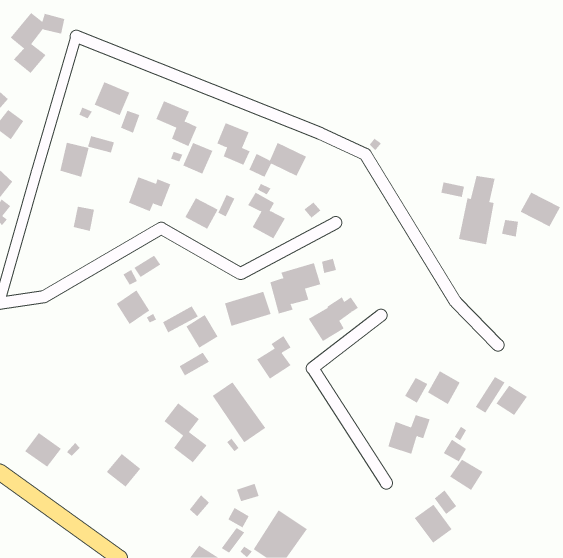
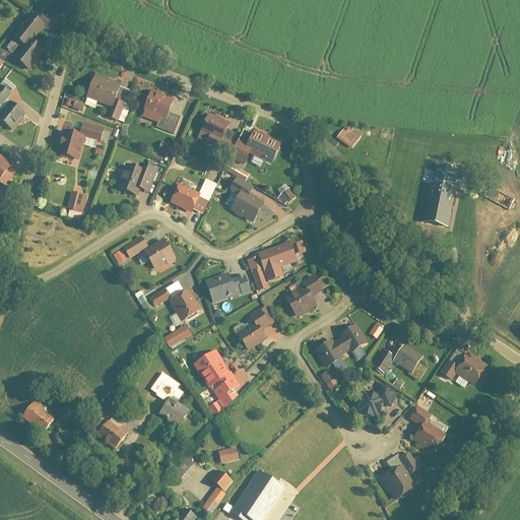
building: [182,142,213,175] -> none
building: [116,290,150,325] -> [143,237,175,269]
building: none -> [315,323,368,368]

